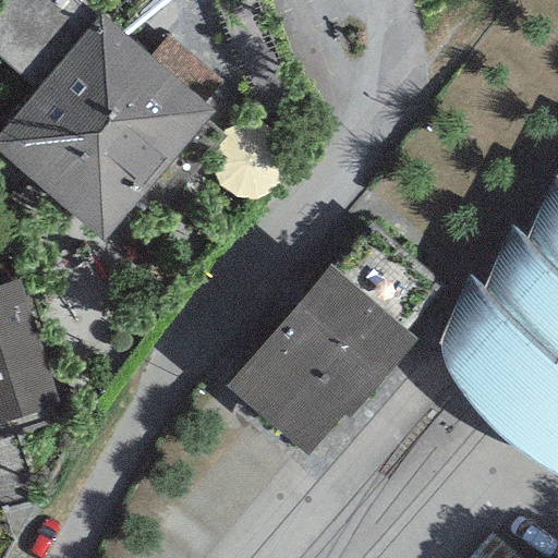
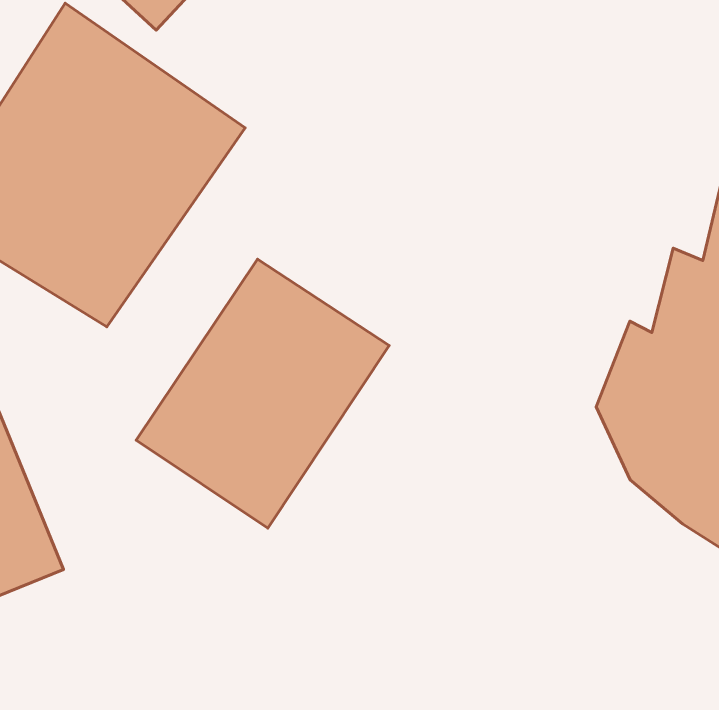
building: [227,268,410,456] -> [136,259,389,528]

